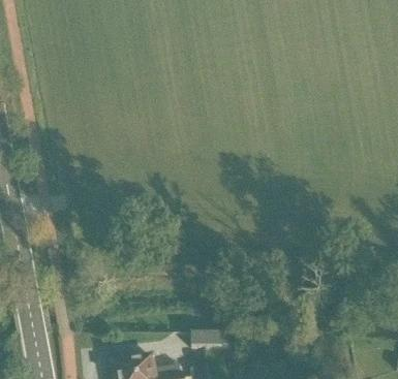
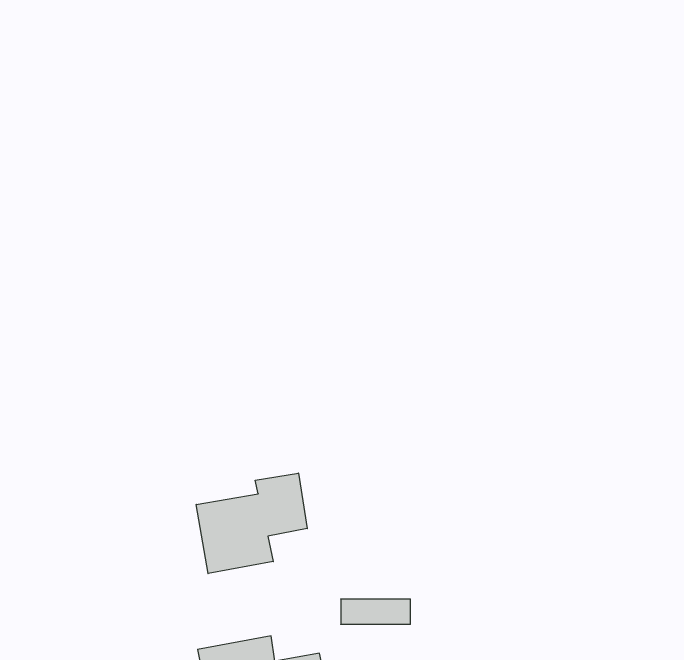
building: none -> [196,473,307,574]

